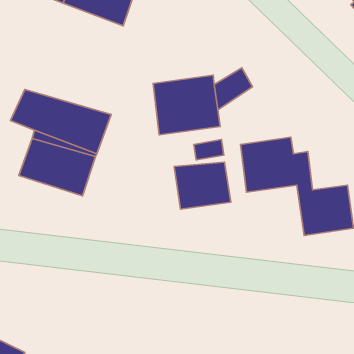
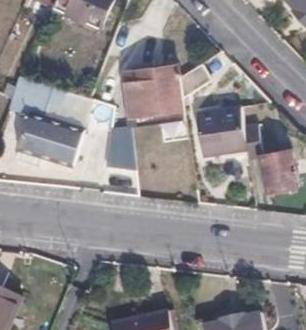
building: [174,162,231,209] -> none

